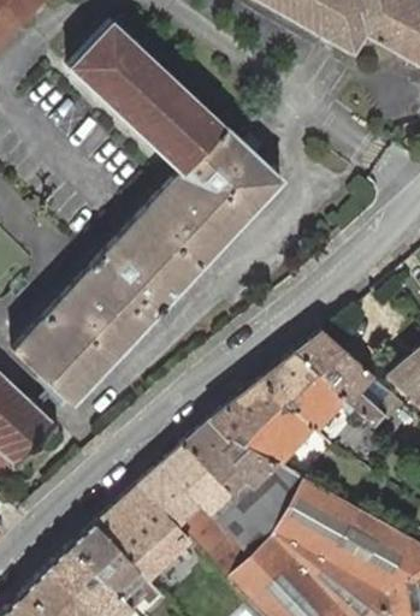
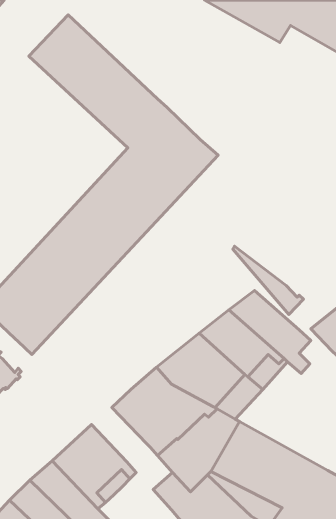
building: none -> [233,246,303,315]
building: [140,464,206,526] -> none

